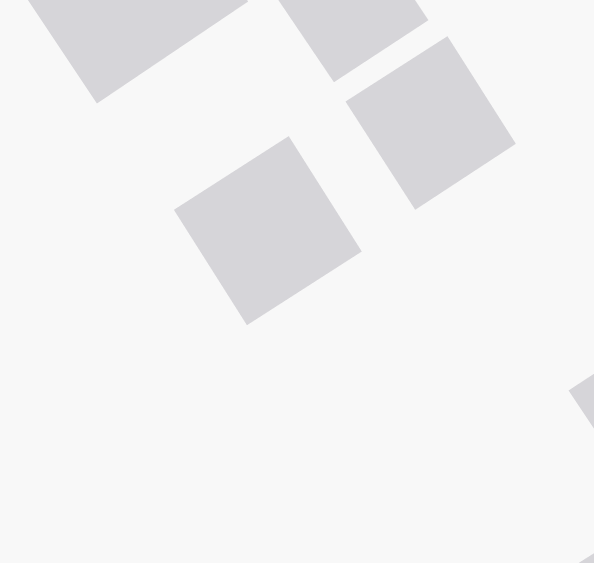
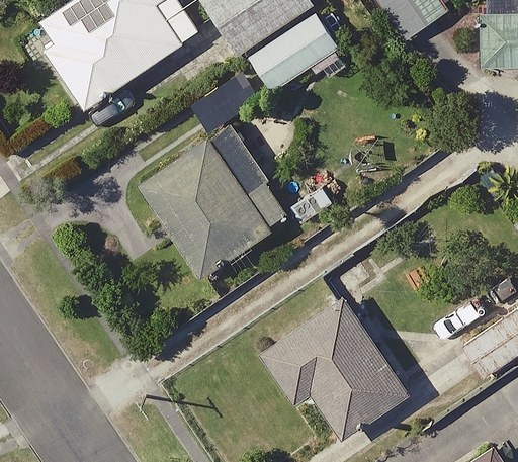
building: [345,35,517,211] -> none
building: none -> [250,285,400,430]

